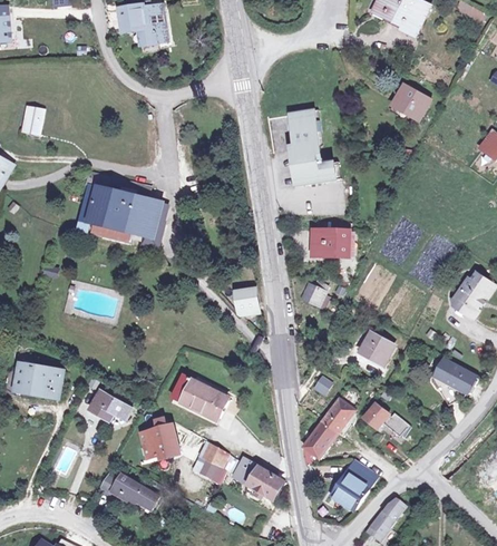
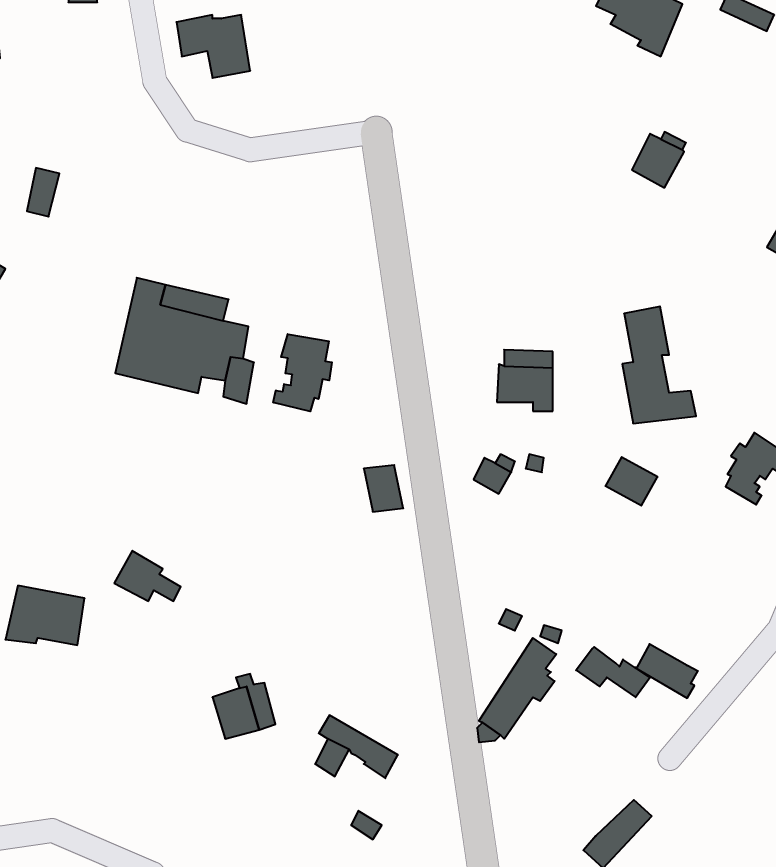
building: [291,110,337,183] -> [622,306,696,423]
building: none -> [273,334,332,411]
building: [361,330,393,360] -> [605,457,658,506]
building: [436,358,475,391] -> [635,644,698,698]
building: [170,370,225,416] -> none
building: [87,389,128,420] -> [114,551,181,601]
building: [328,460,372,508] -> none
building: [245,465,283,499] -> none
building: [105,470,158,515] -> none

